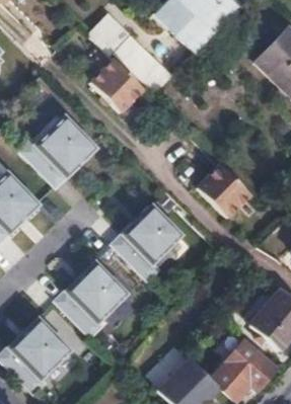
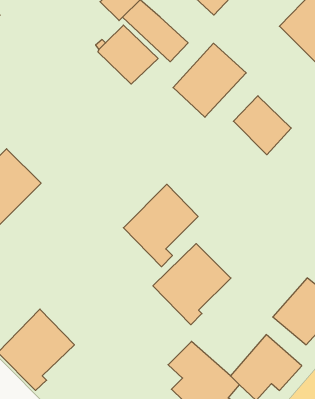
building: none -> [173,43,246,117]
building: [21,115,95,186] -> none
building: [198,164,250,218] -> [233,96,291,155]
building: [56,262,127,336] -> [153,244,231,325]

